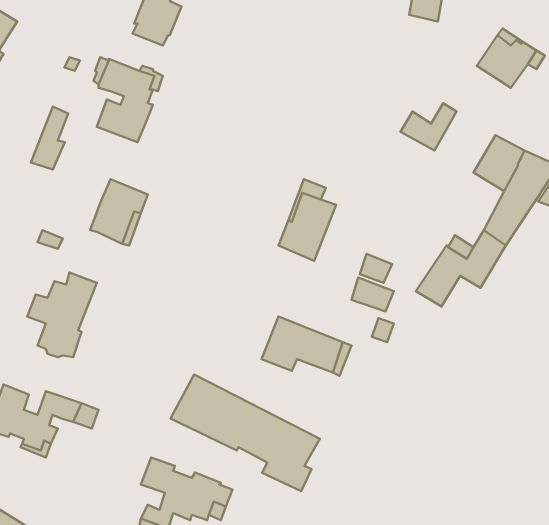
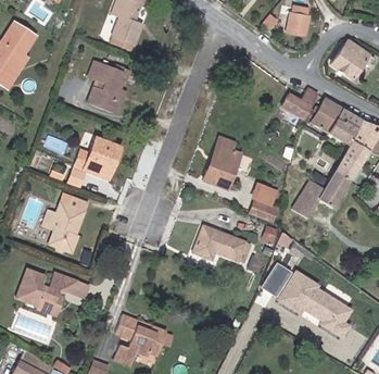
building: [31,107,68,169] -> [66,148,90,188]
building: none -> [312,98,343,133]
building: [170,374,320,491] -> [262,262,357,337]

